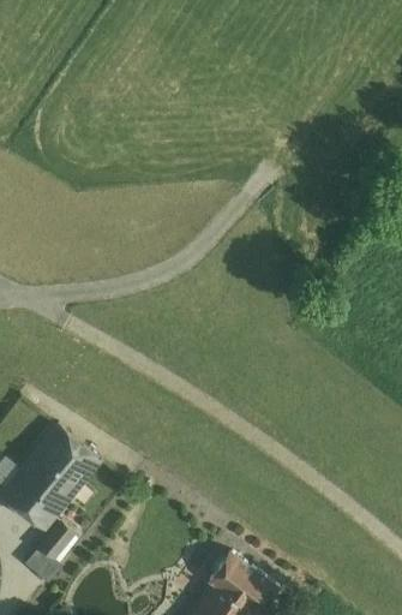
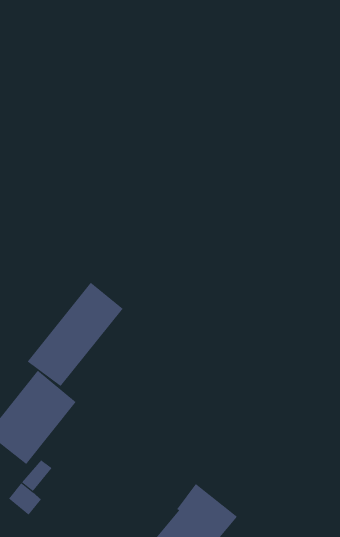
building: none -> [27,282,123,387]

